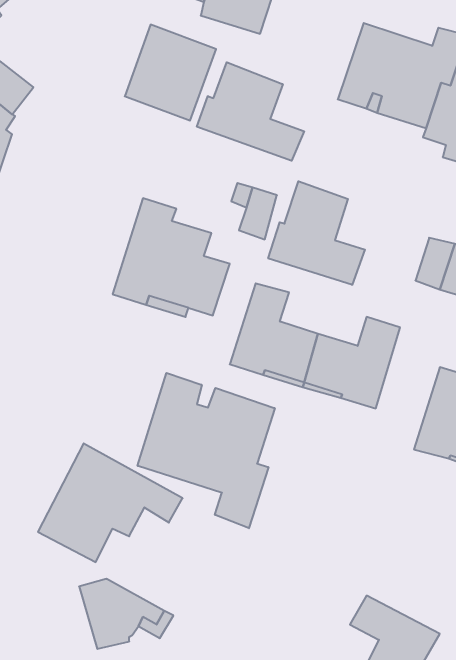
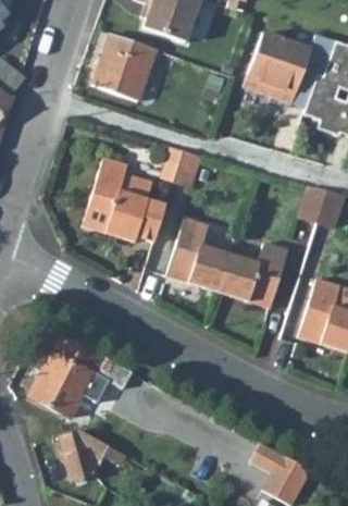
building: [197,62,304,161] -> none
building: [268,181,365,285] -> none
building: [138,373,275,528] -> none

